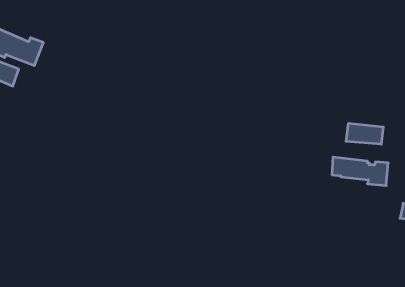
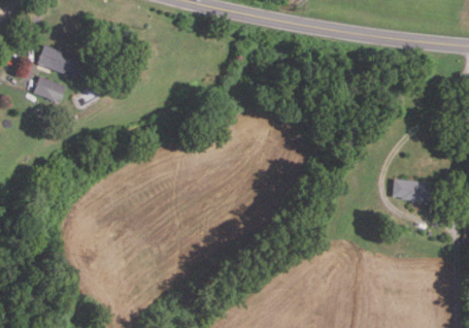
building: [346,123,383,144] -> none

